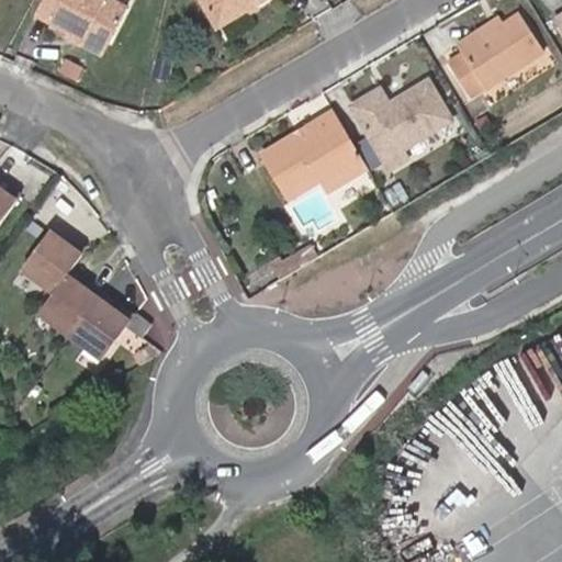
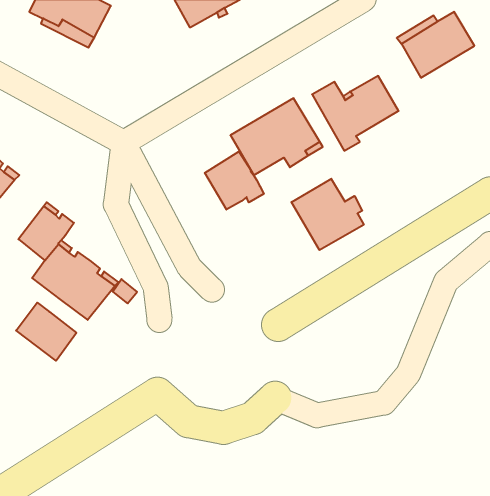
building: none -> [205,152,264,210]
building: none -> [291,179,364,250]
building: none -> [16,303,76,361]

